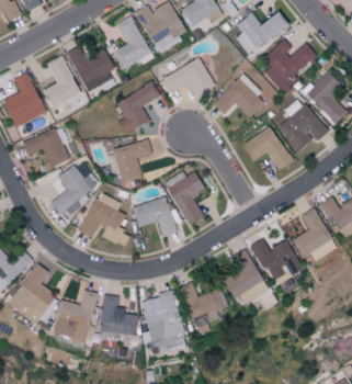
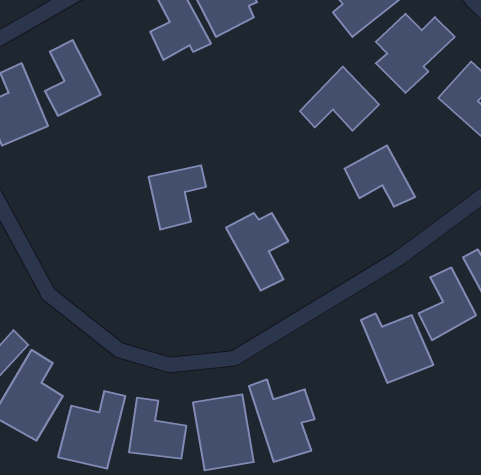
building: [68,47,117,92] -> none
building: [162,59,214,95] -> none
building: [116,84,160,134] -> none
building: [279,98,328,151] -> none
building: [22,126,69,167] -> none
building: [52,161,99,217] -> none
building: [80,192,130,247] -> none
building: [133,196,178,236] -> none
building: [223,249,268,303] -> none

